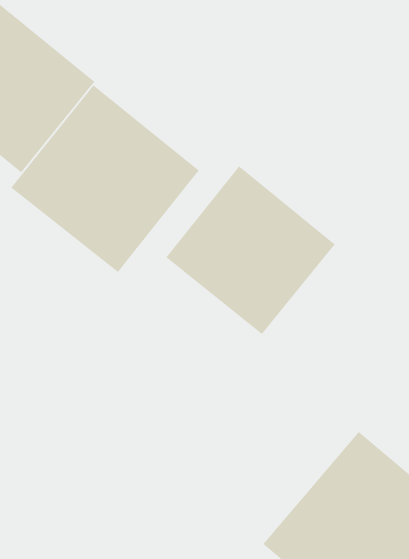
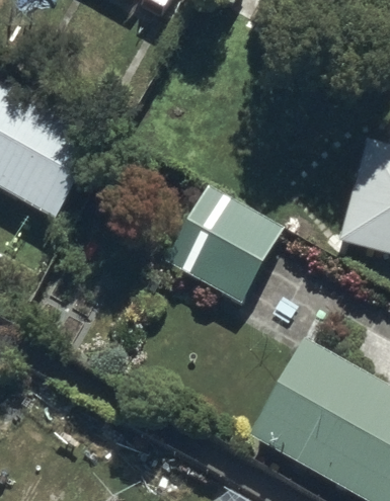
building: [10,85,199,273] -> none

